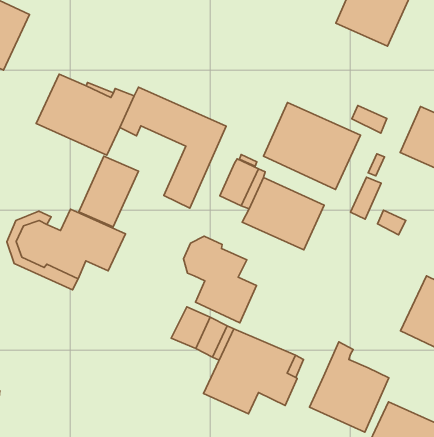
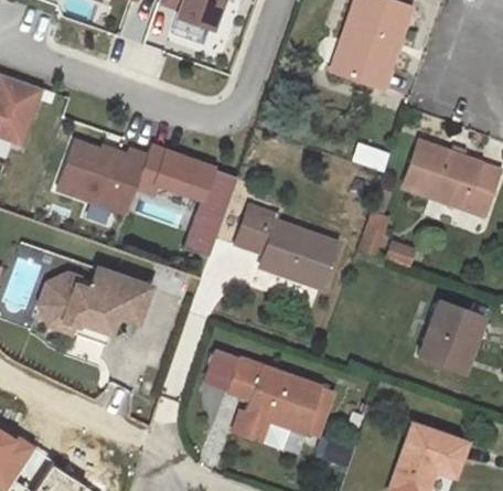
building: [263,103,360,190] -> none
building: [79,156,138,227] -> none
building: [183,236,256,323] -> none
building: [310,342,389,432] -> none

